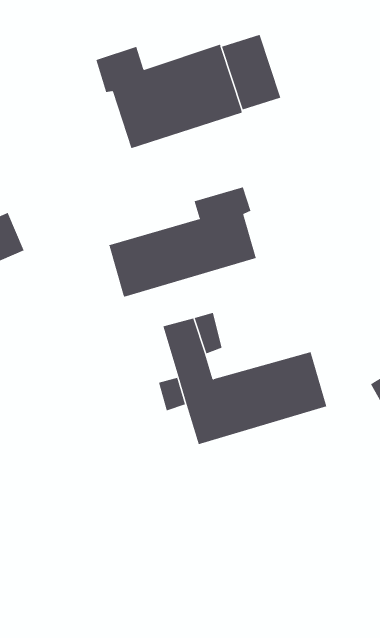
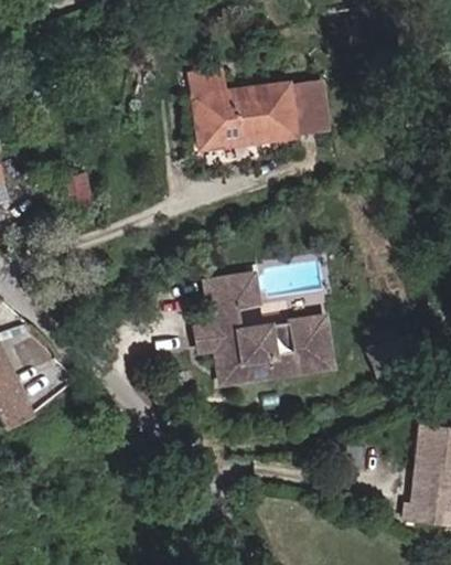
building: [108,187,256,297] -> none

